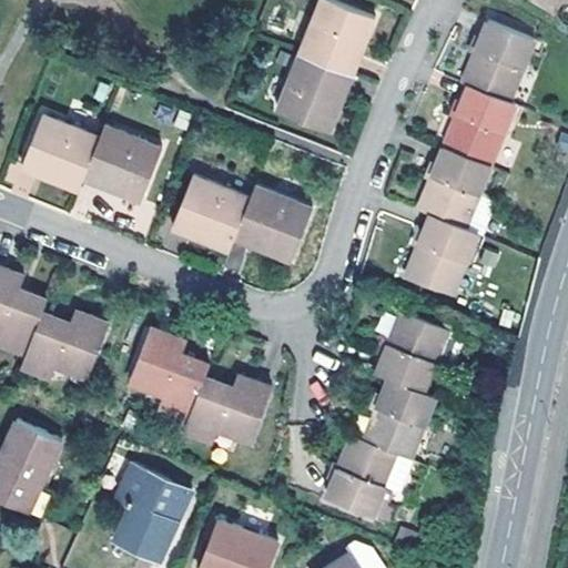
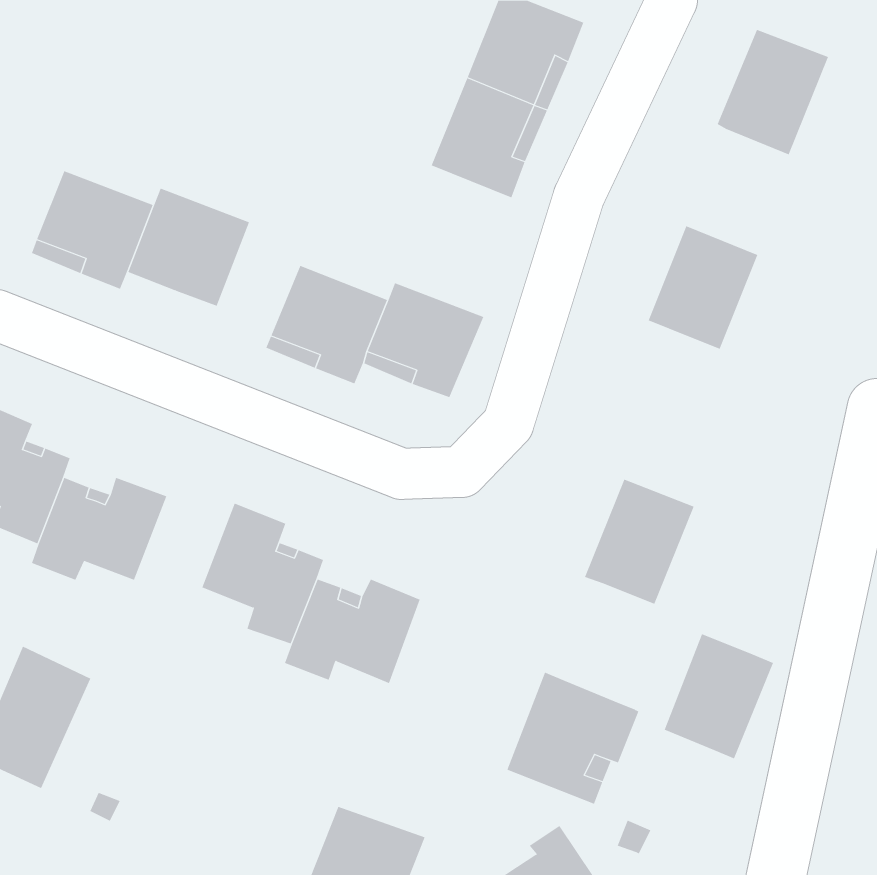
building: [442,87,514,168] -> none
building: [405,215,476,296] -> none
building: [364,379,435,460] -> [664,633,774,759]
building: [114,465,190,559] -> none

